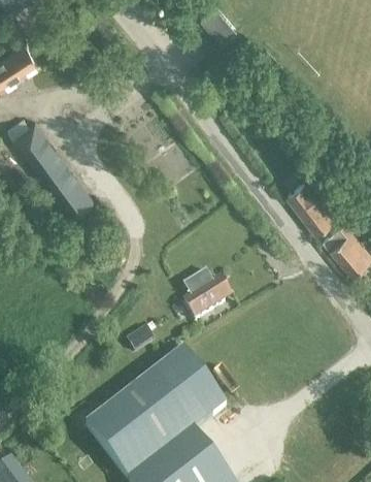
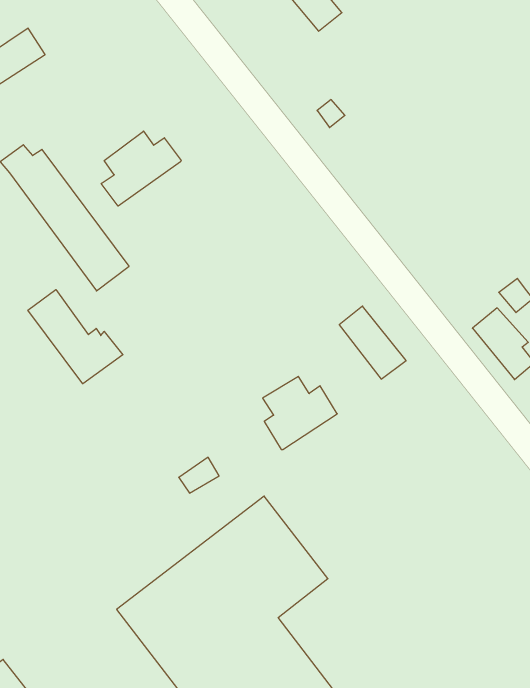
building: none -> [101,131,181,206]
building: [286,181,331,229] -> [339,306,406,379]
building: none -> [28,290,123,384]

